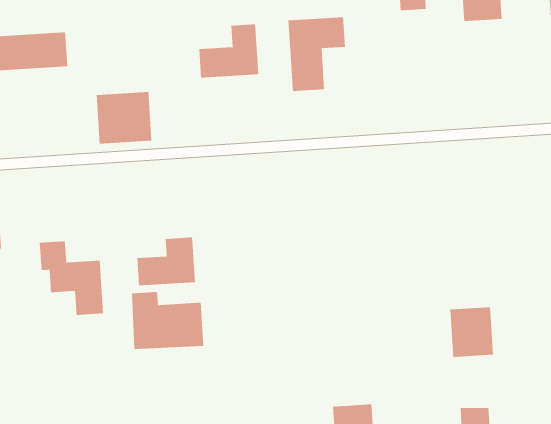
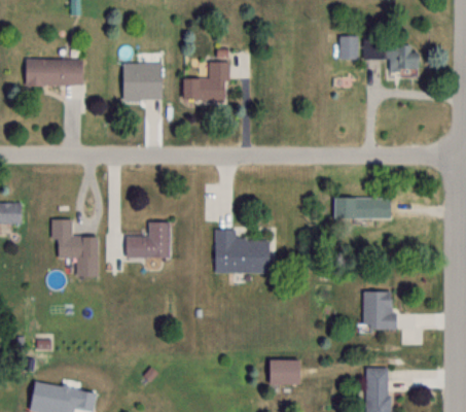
building: [288,16,345,92] -> none
building: [96,92,152,144] -> [122,63,164,101]
building: none -> [334,198,391,218]
building: [131,292,204,349] -> [215,230,270,274]

